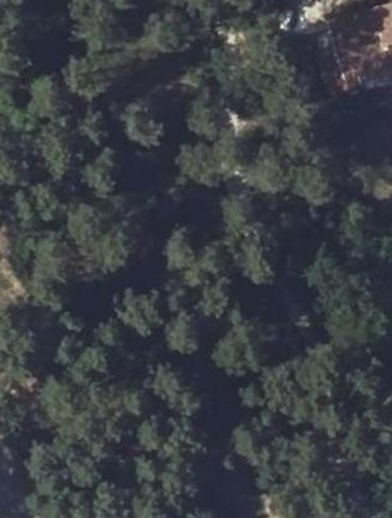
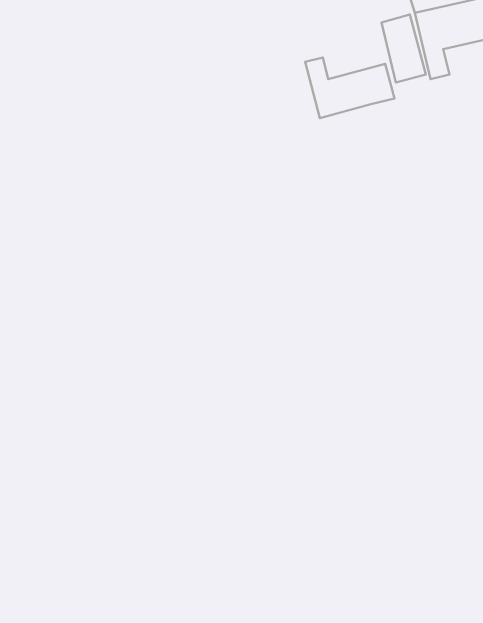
building: none -> [305,57,394,118]

